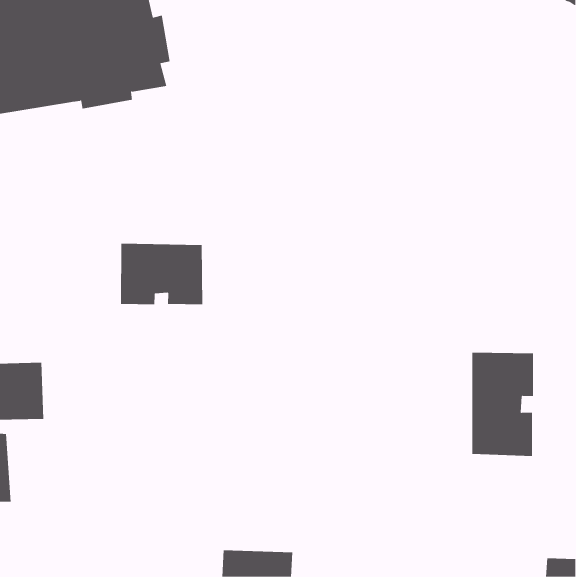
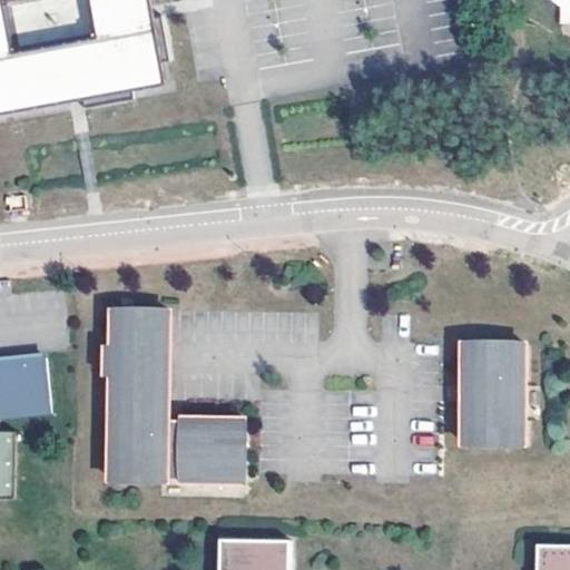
building: [121,243,203,305] -> none
building: none -> [106,308,243,481]

